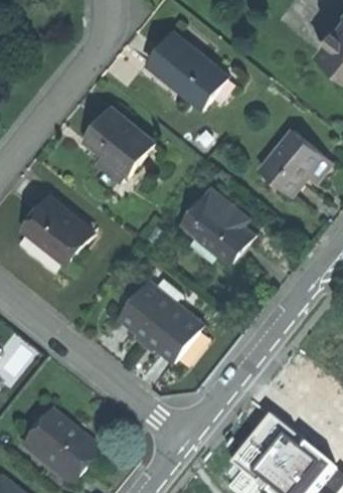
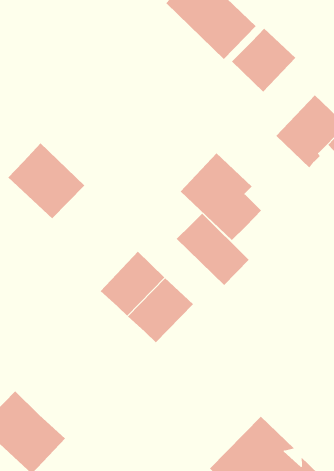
building: none -> [231,28,296,92]
building: [90,104,159,174] -> none
building: none -> [176,213,250,286]

